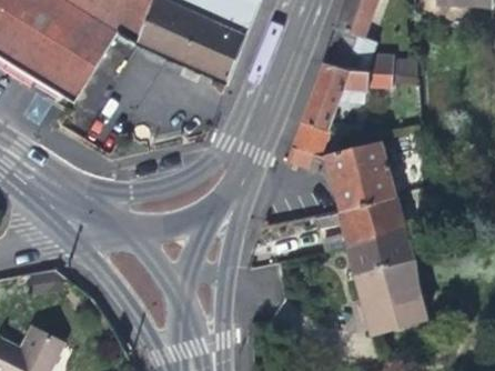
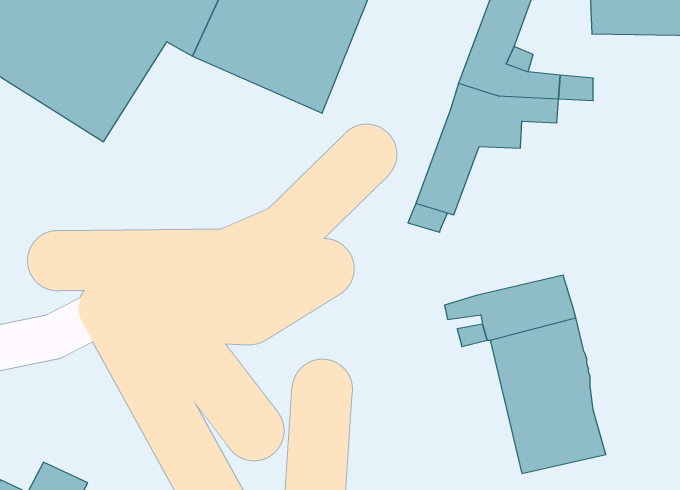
building: [323,140,396,210] -> none

